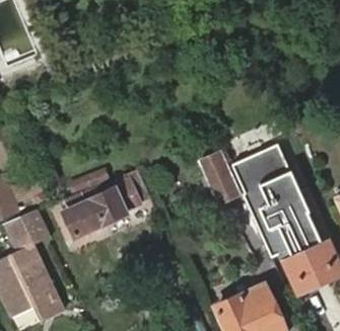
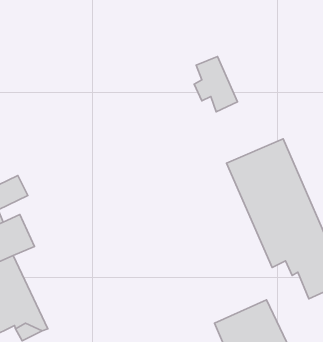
building: [198,153,237,203] -> [194,56,237,112]
building: [63,175,141,237] -> none

